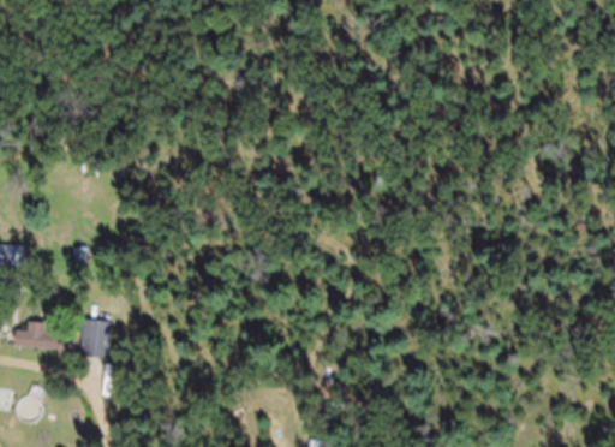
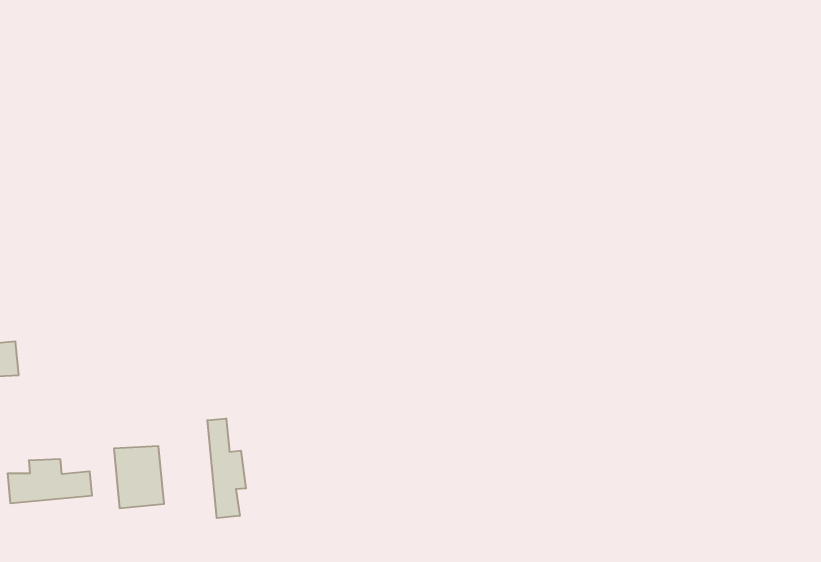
building: none -> [208,418,246,518]

